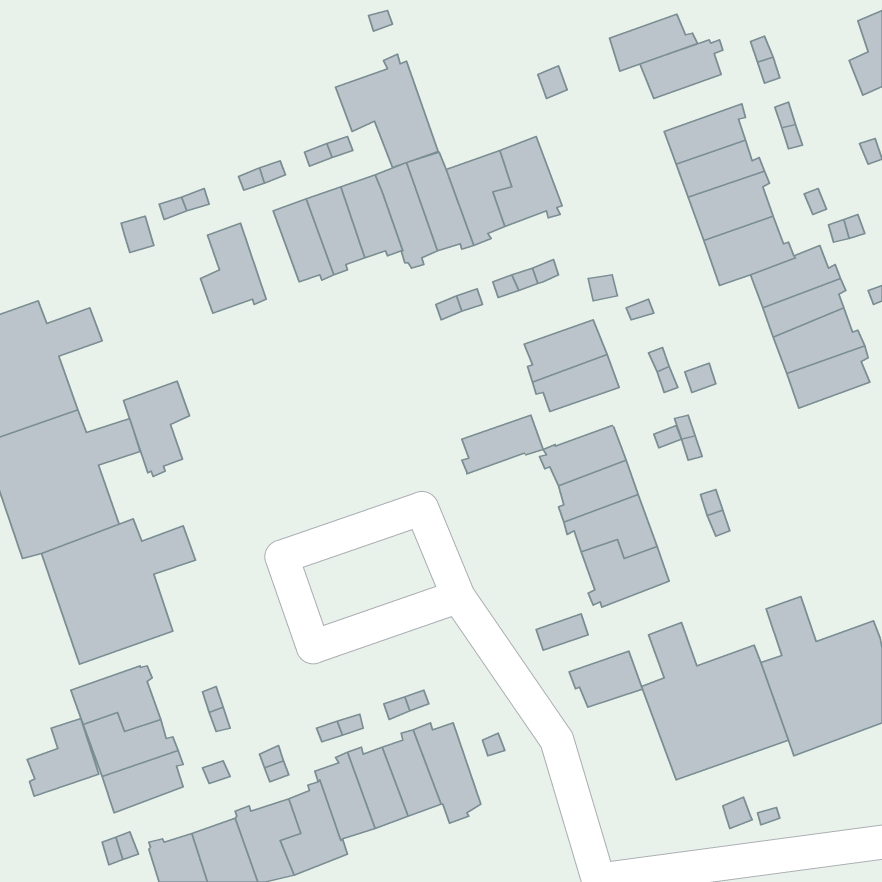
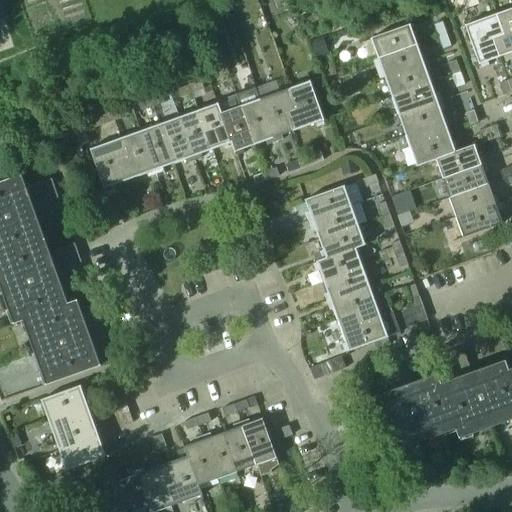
building: [609,14,698,71] -> [378,43,429,76]
building: none -> [464,12,502,65]
building: [336,54,438,167] -> none
building: none -> [139,122,173,173]
building: [124,381,189,476] -> [89,136,127,191]
building: [462,415,543,474] -> [318,224,365,258]
building: [569,651,643,707] -> none
building: [27,718,99,796] -> none

